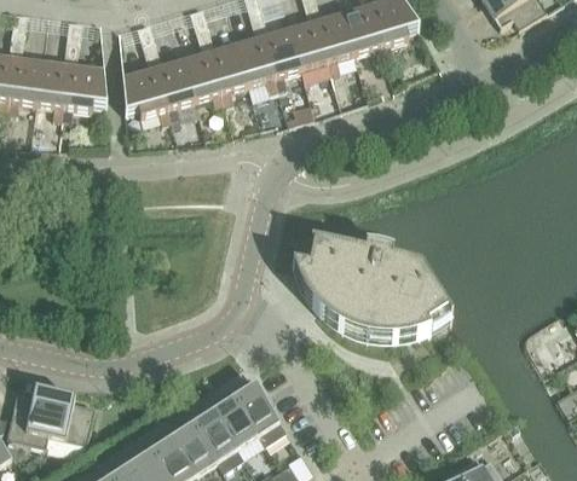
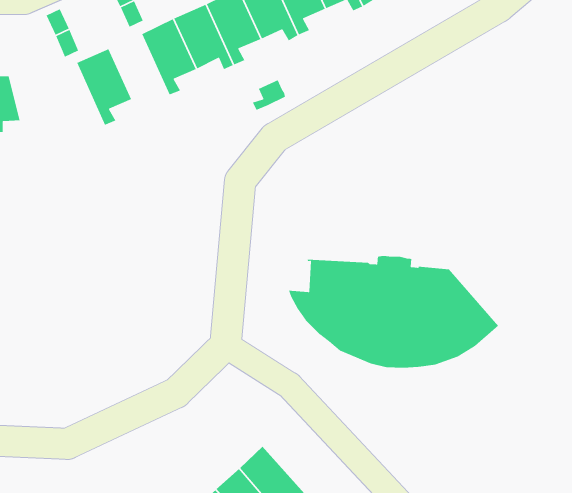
building: [181,50,223,103] -> none
building: [121,64,169,118] -> none

